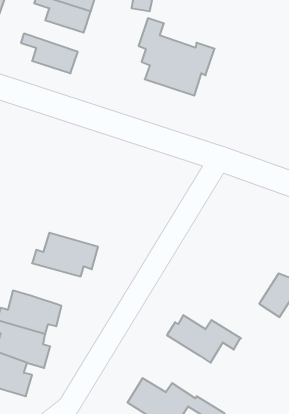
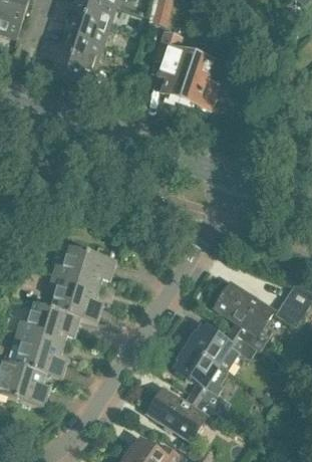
building: none -> [43,33,102,64]
building: none -> [48,273,103,320]
building: none -> [213,281,275,351]
building: none -> [174,344,228,408]

